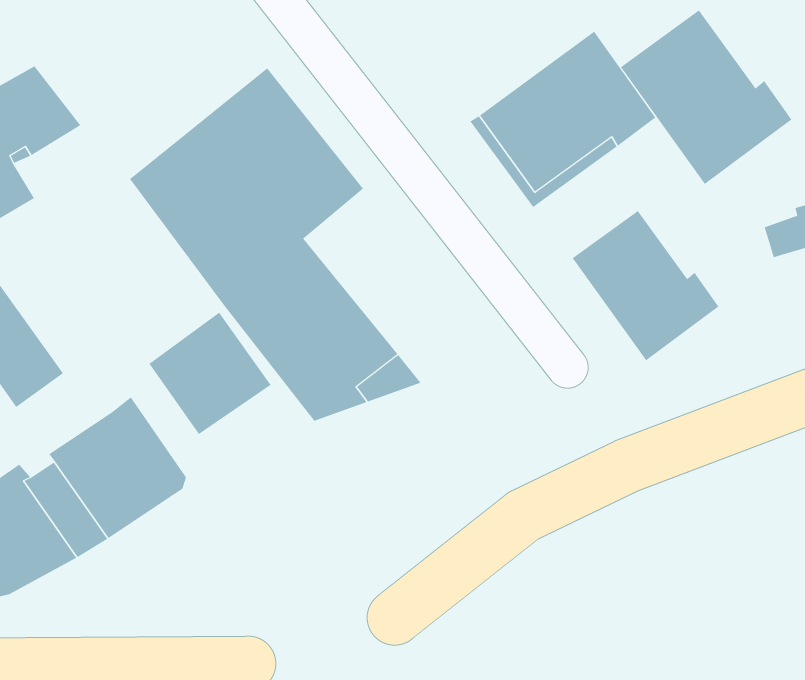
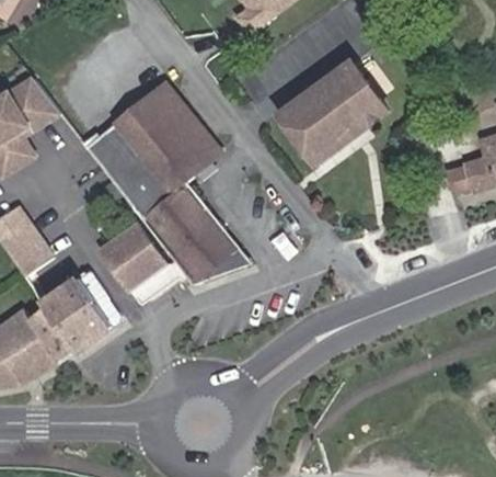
building: [620,10,792,185] -> none
building: [572,210,719,361] -> none

